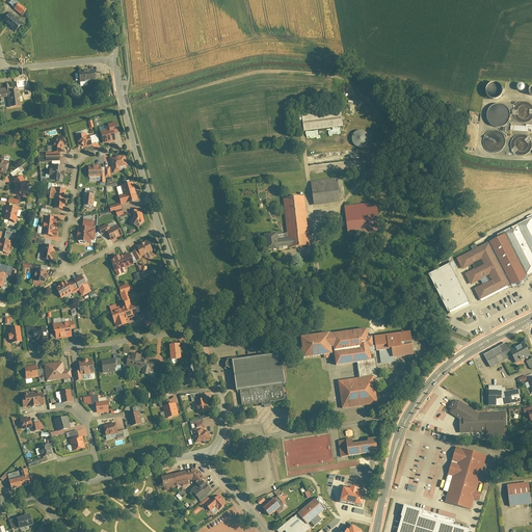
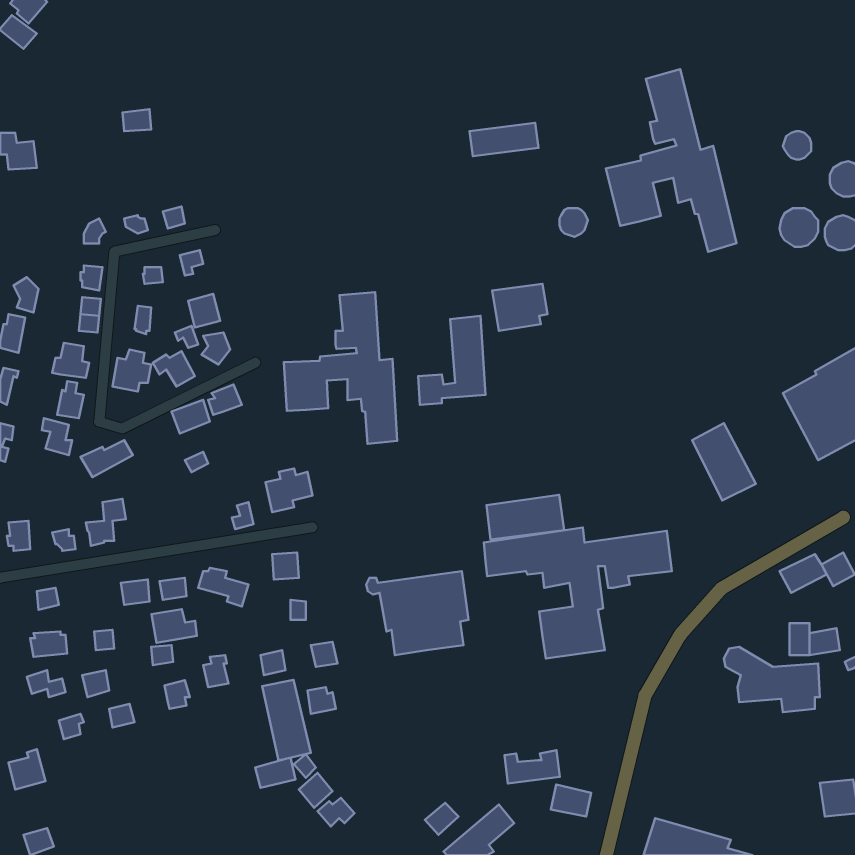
building: none -> [606,69,737,252]
building: [487,103,511,127] -> none
building: [298,109,341,130] -> [470,123,538,156]
building: none -> [284,292,397,444]
building: [342,200,377,233] -> none
building: [459,243,508,298] -> none
building: [109,297,138,324] -> [266,469,313,512]
building: none -> [486,495,564,539]
building: [43,360,71,380] -> [151,609,197,643]
building: none -> [262,680,311,760]
building: [340,434,374,455] -> [504,750,560,784]
building: [444,446,487,509] -> none

